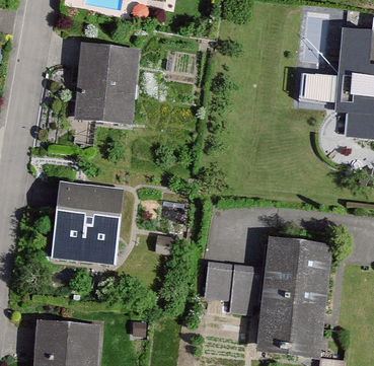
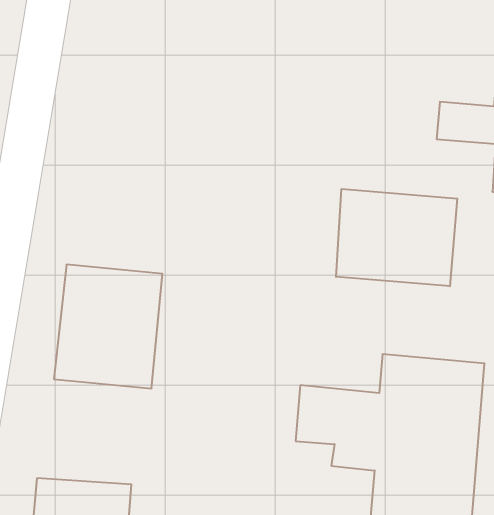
building: [74,44,138,126] -> none
building: none -> [336,189,457,286]

